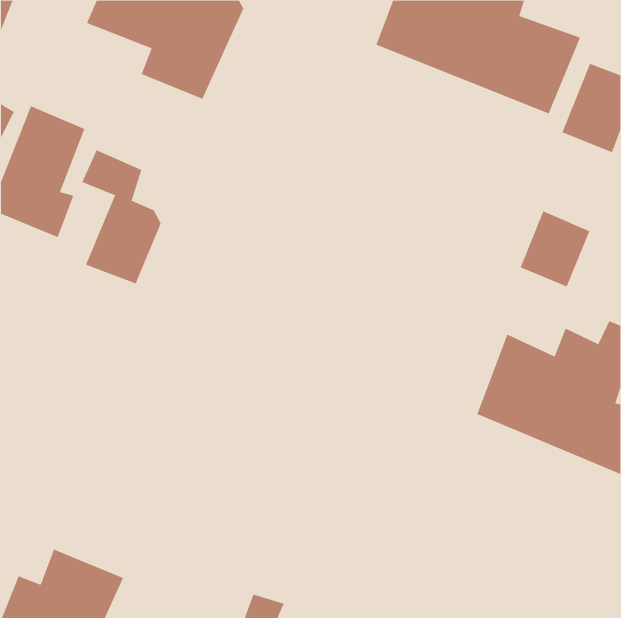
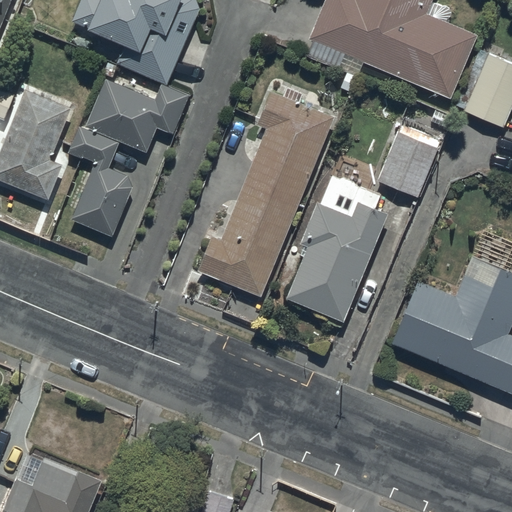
building: none -> [86,79,190,152]
building: none -> [198,93,333,296]
building: [520,211,590,287] -> [378,133,436,196]
building: none -> [287,202,386,318]

